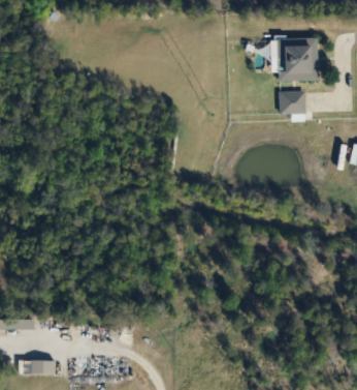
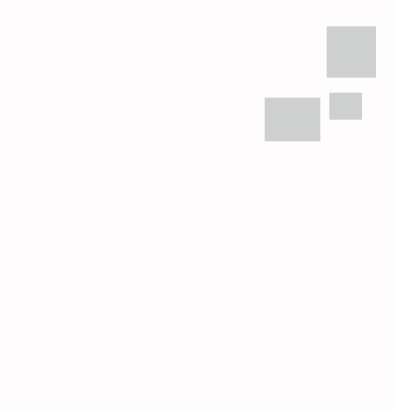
building: none -> [264,97,321,142]

